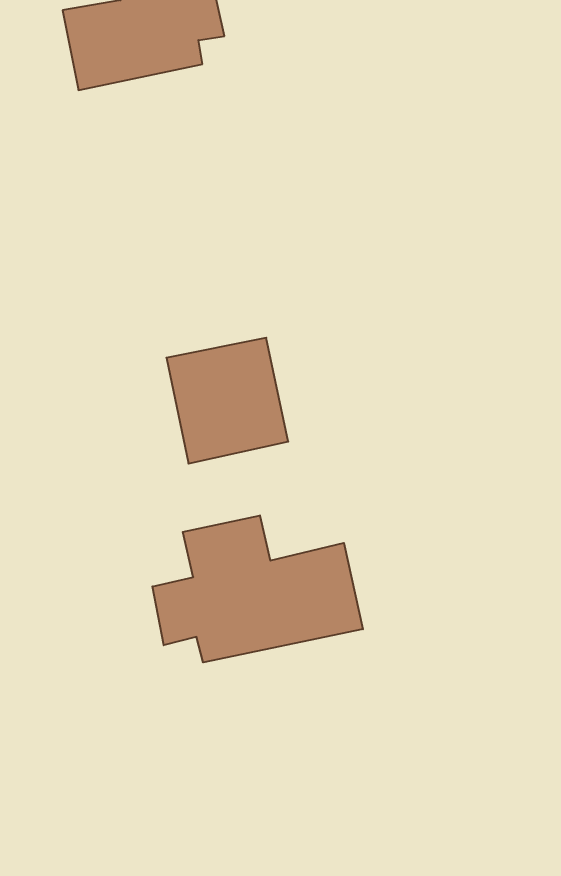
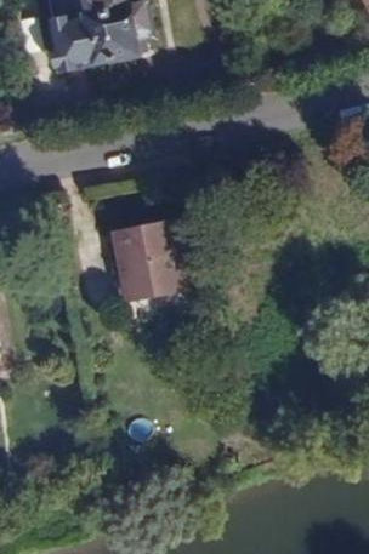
building: [152,515,363,662] -> none

